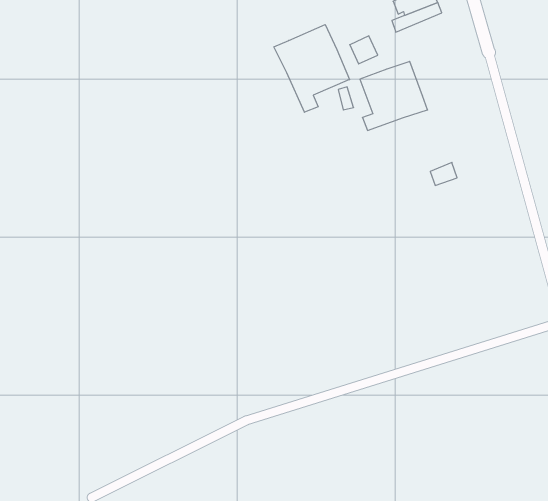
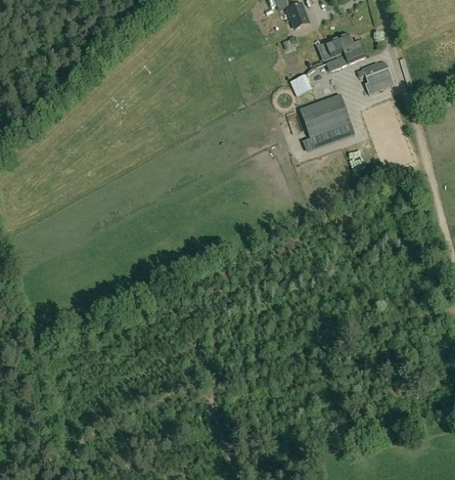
building: none -> [355,59,392,92]
building: [274,25,350,112] -> none

